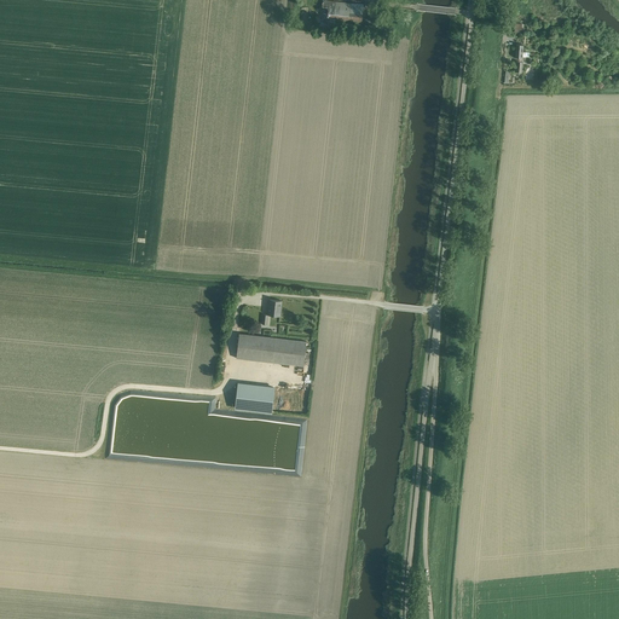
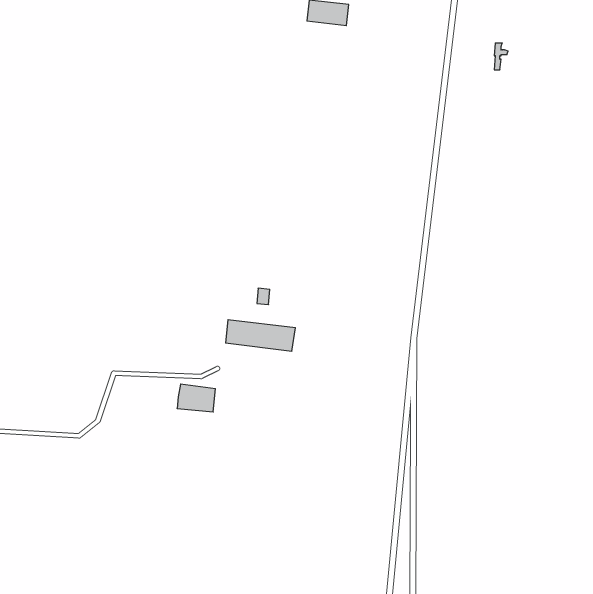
building: [233,383,273,412] -> [177,384,215,412]

